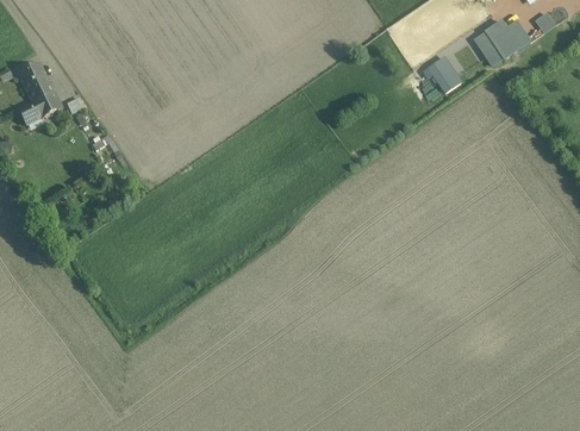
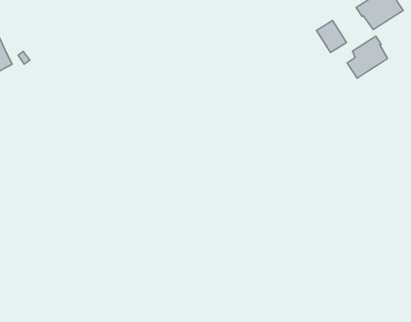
building: none -> [347,36,387,78]

